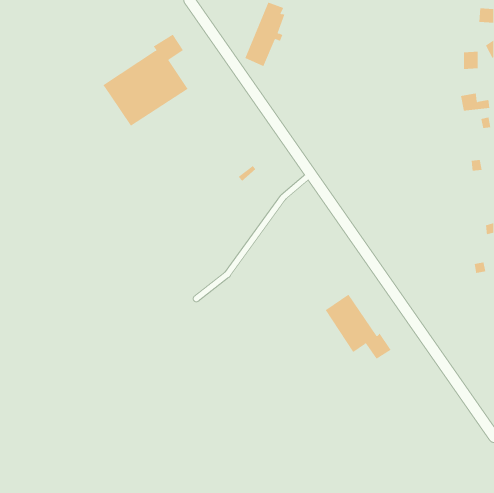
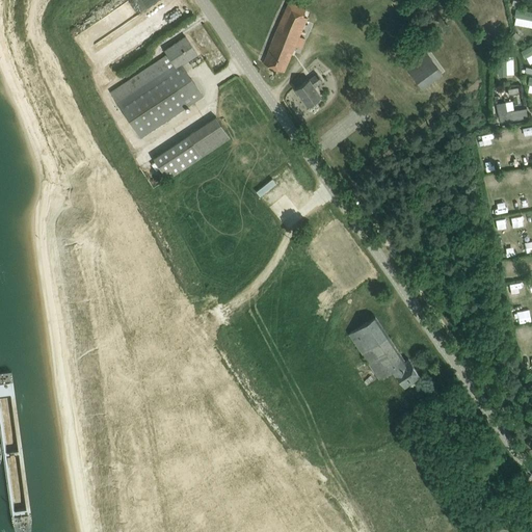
building: none -> [404,52,441,88]
building: none -> [296,75,322,106]
building: none -> [154,117,230,180]

